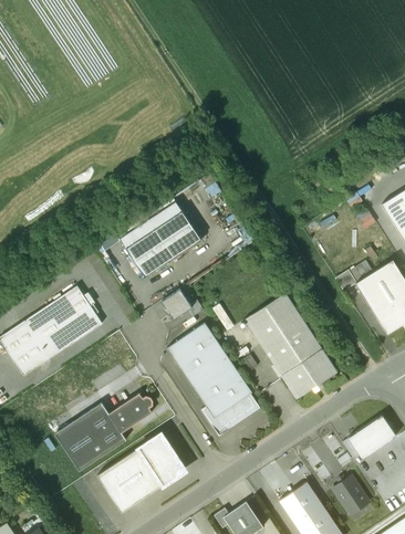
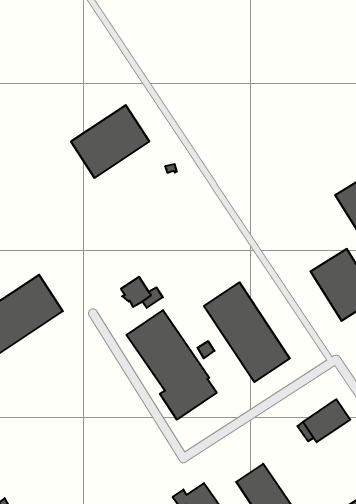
building: [120,201,200,276] -> [71,105,149,178]
building: [54,394,152,471] -> none
building: [97,433,180,512] -> none
building: [332,475,368,514] -> none

